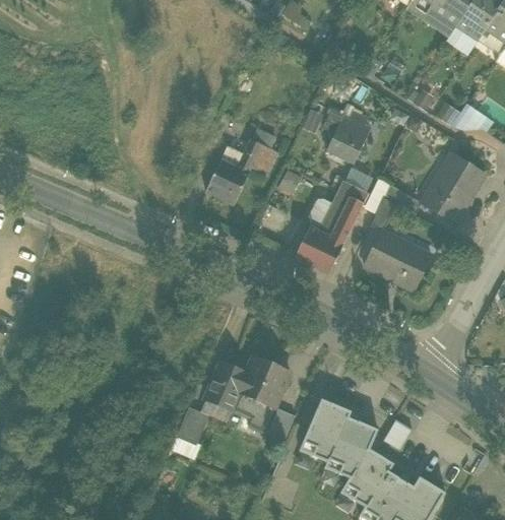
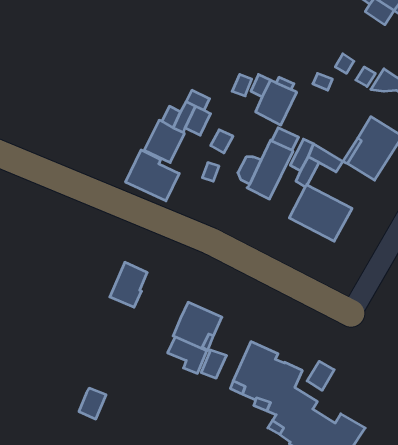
building: none -> [126,150,179,201]
building: [295,228,341,273] -> none
building: [204,362,245,410] -> [110,262,147,307]
building: [177,408,206,442] -> [79,388,106,419]

